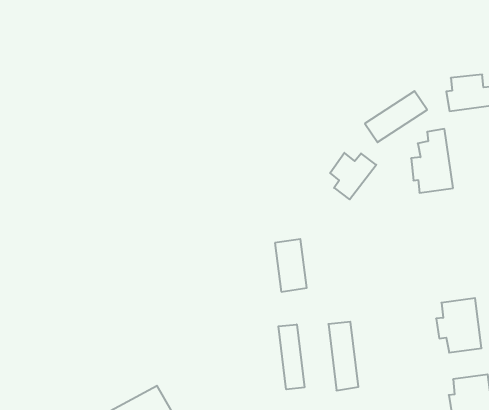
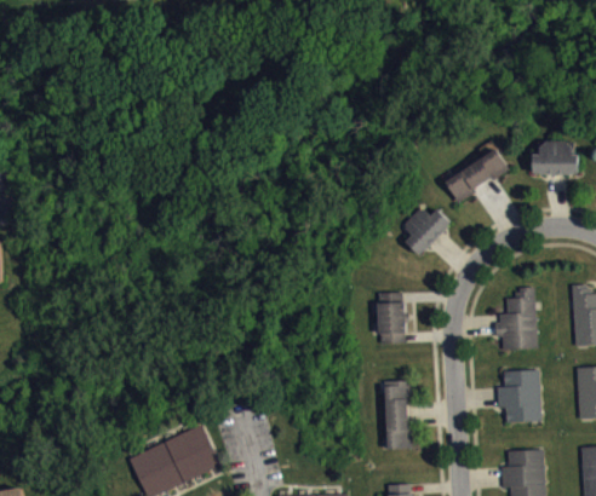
building: [411,129,453,193] -> [497,287,537,350]
building: [275,239,307,292] -> [378,293,406,345]
building: [278,324,304,389] -> none

